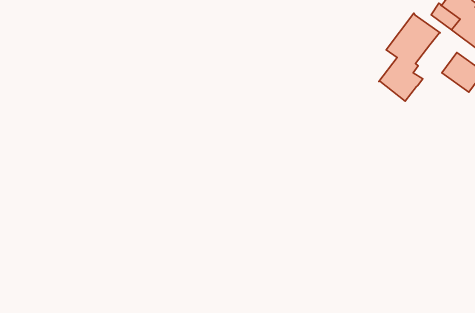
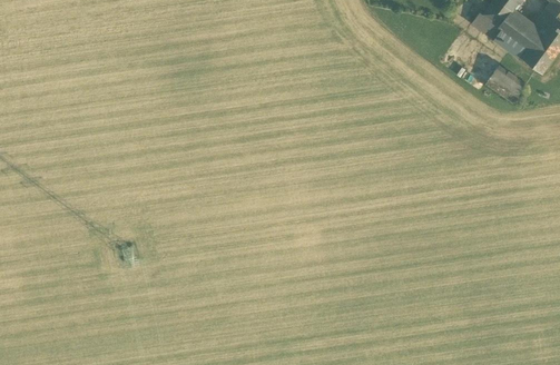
building: [379,13,440,101] -> none

